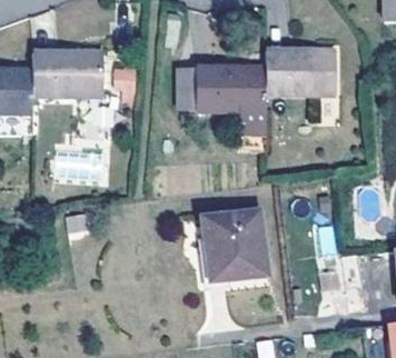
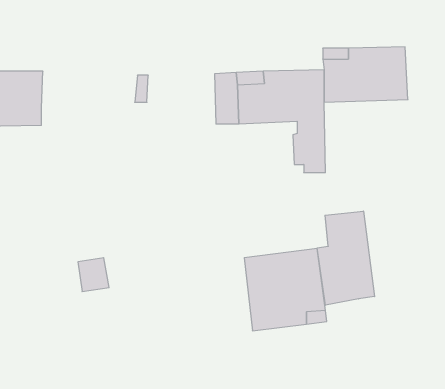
building: [37,46,108,92] -> none
building: none -> [317,211,375,305]

